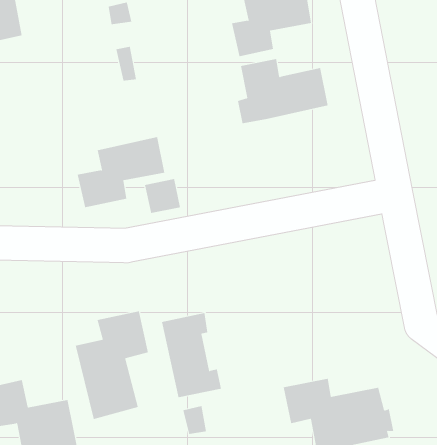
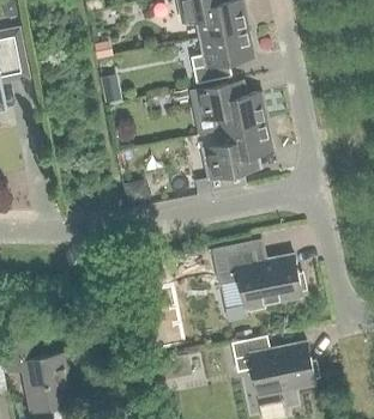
building: [77,136,165,208] -> [204,122,273,178]
building: none -> [211,241,306,311]
building: [75,311,148,420] -> none

